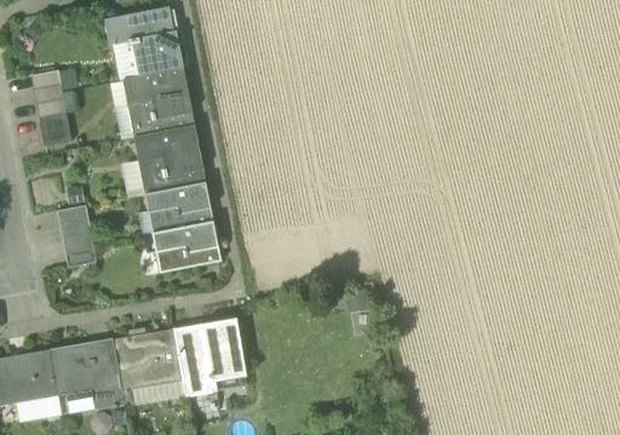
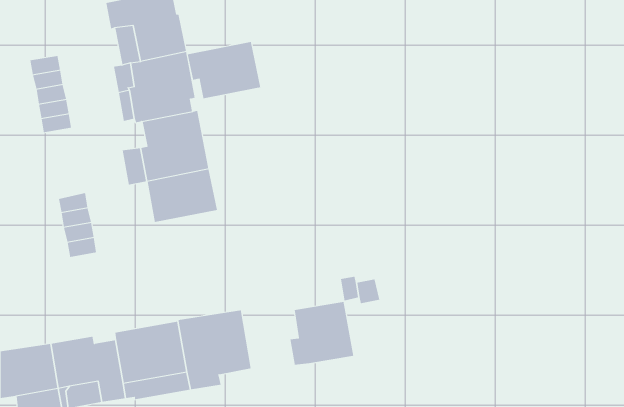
building: none -> [187,41,261,99]
building: [151,219,220,273] -> none
building: none -> [290,301,354,366]

